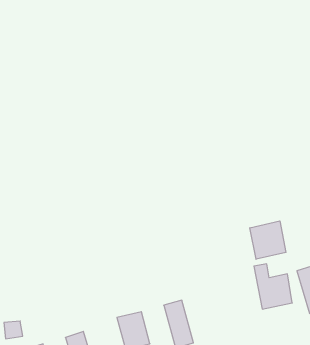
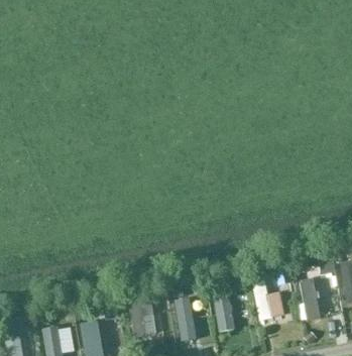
building: [250,221,286,259] -> none
building: none -> [213,295,235,333]

